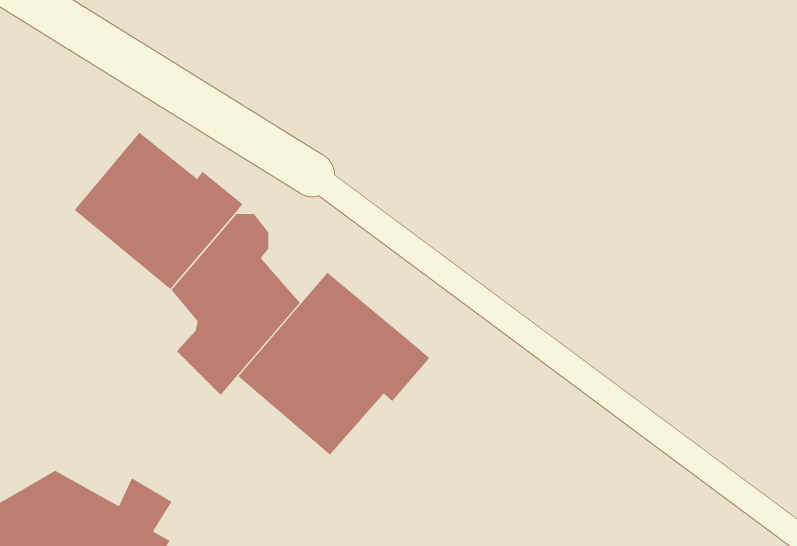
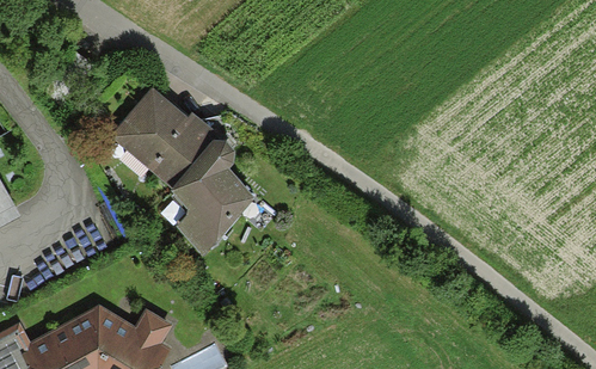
building: [237,272,430,455] -> none

